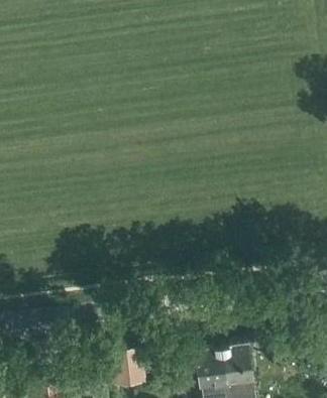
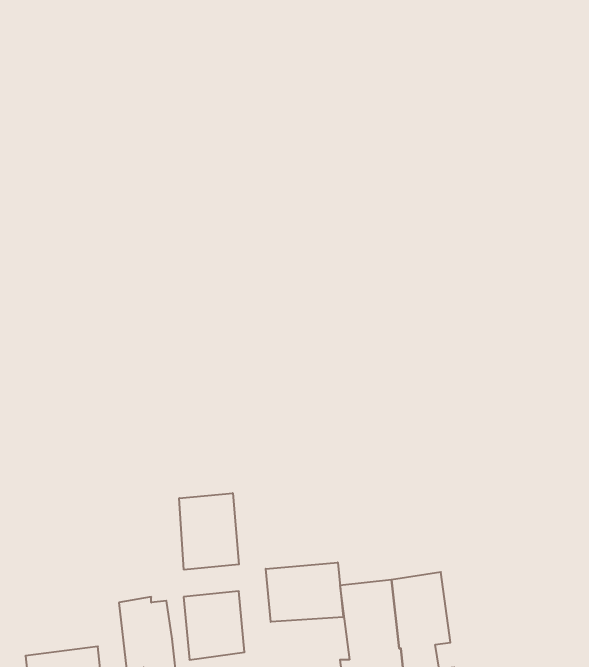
building: none -> [179,493,239,570]
building: none -> [266,562,343,622]

